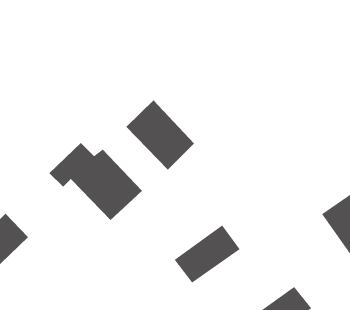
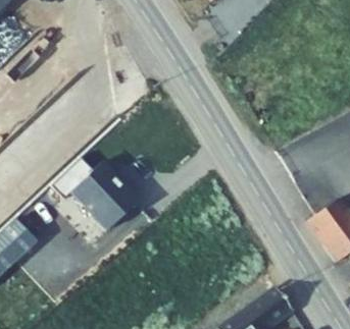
building: [126,100,195,171] -> none
building: [174,224,240,283] -> none

